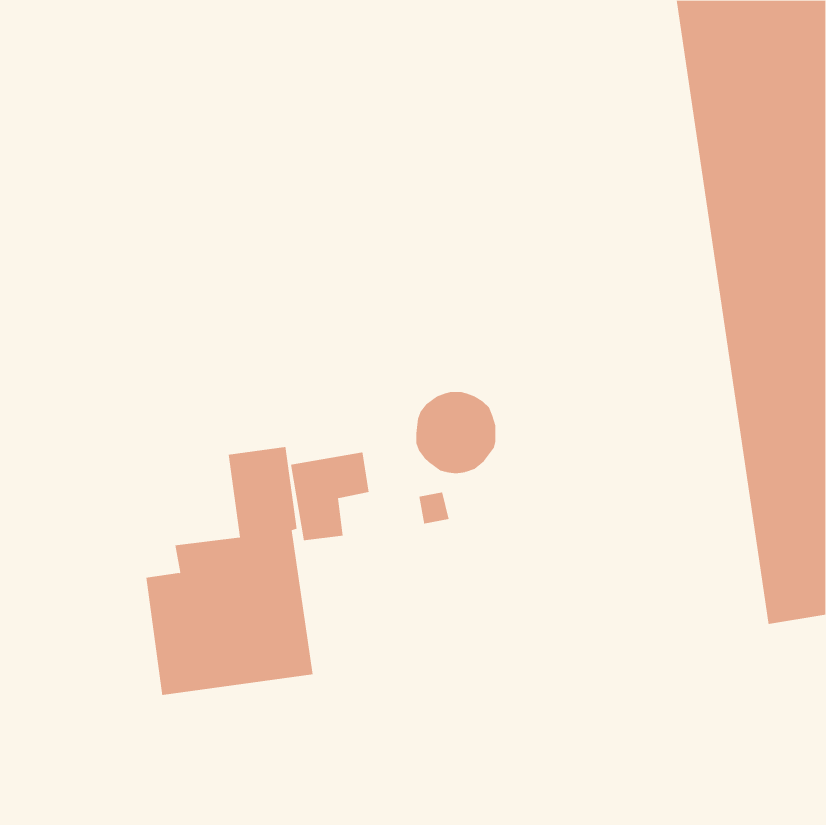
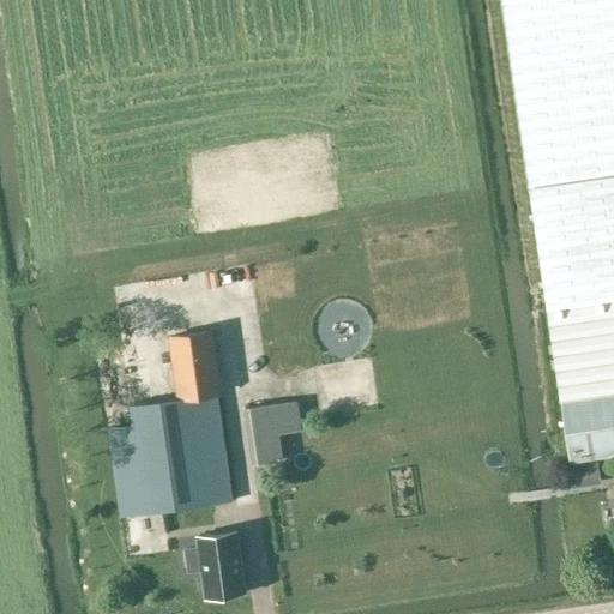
building: [290,452,370,541] -> [243,401,302,466]
building: none -> [187,531,245,600]

